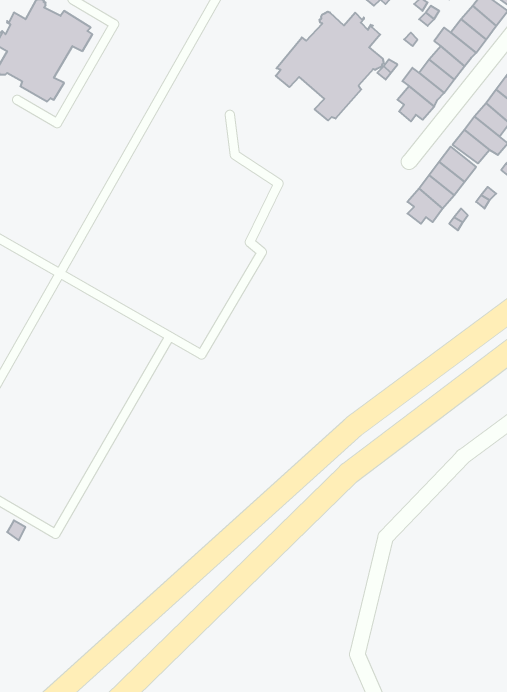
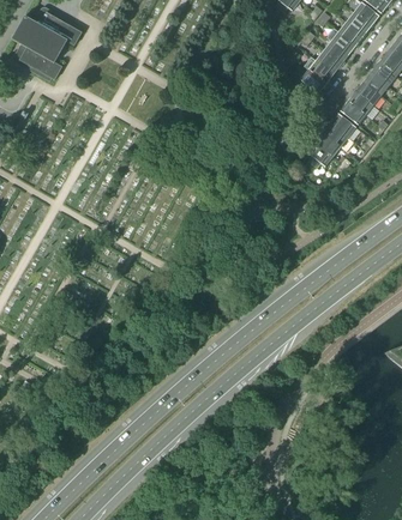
building: [276,12,384,120] -> none

